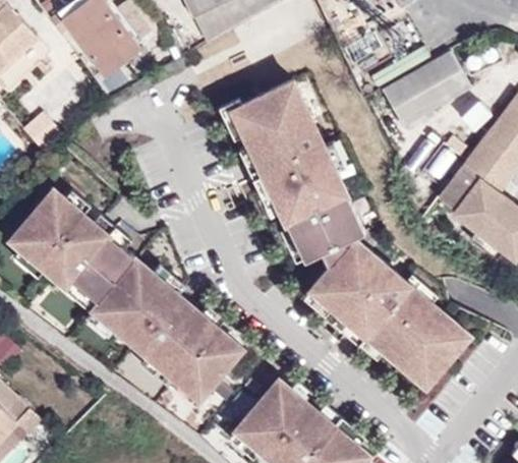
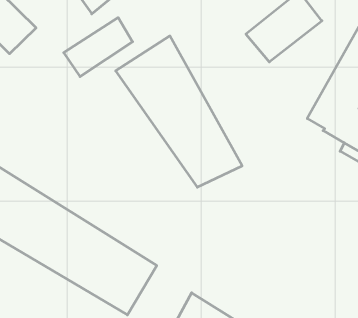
building: none -> [64,18,133,77]
building: [307,242,472,390] -> none

